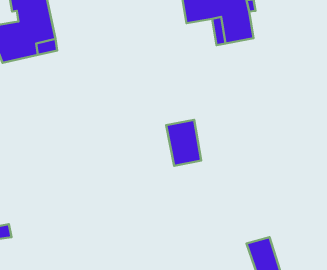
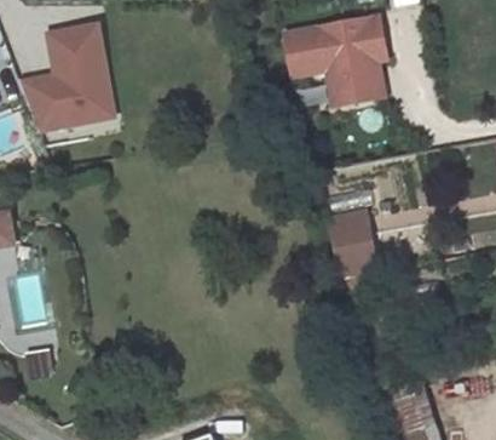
building: [166,120,201,166] -> [328,212,376,275]

